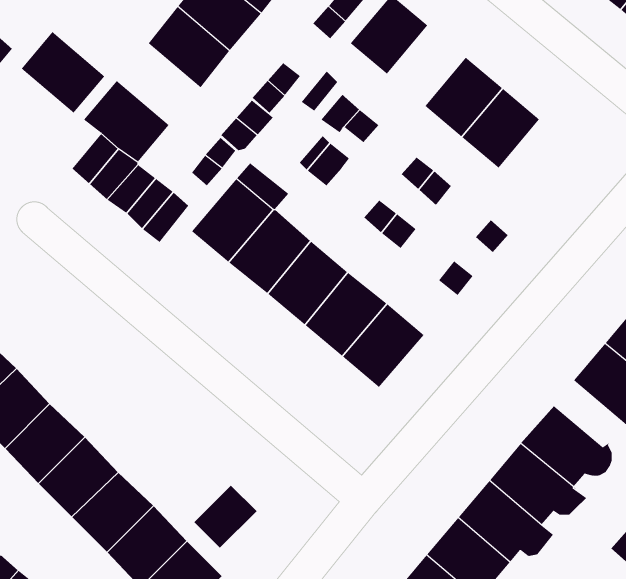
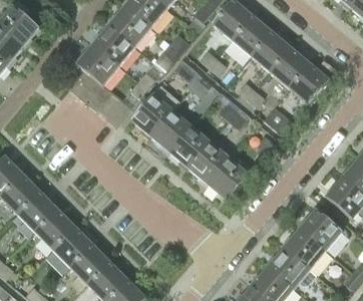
building: none -> [231,15,271,56]
building: [21,31,105,114] -> [92,24,135,66]
building: none -> [288,63,329,104]
building: [194,485,257,548] -> none

